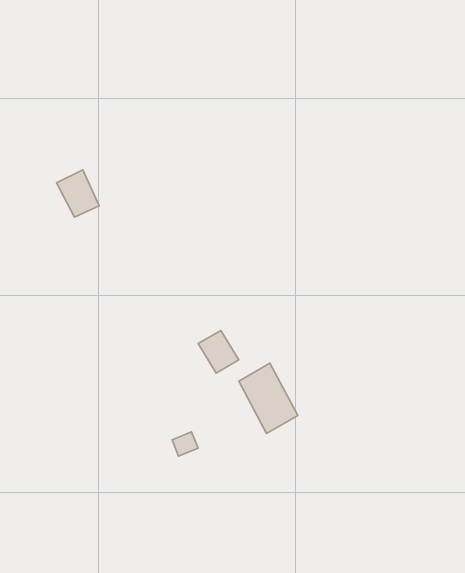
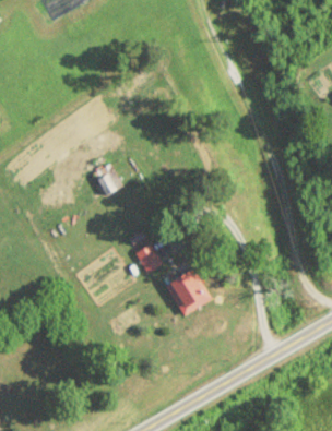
building: [57,170,99,217] -> [94,164,122,195]

